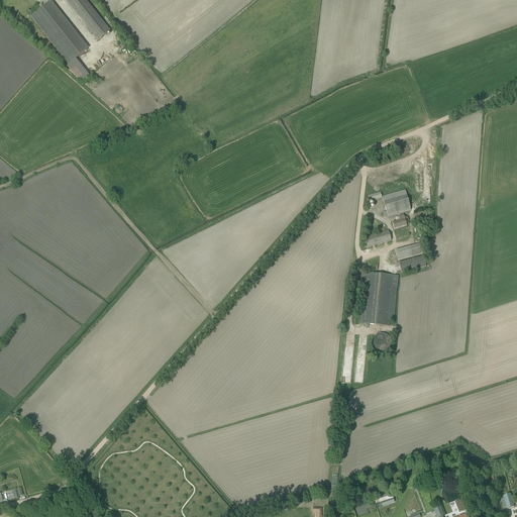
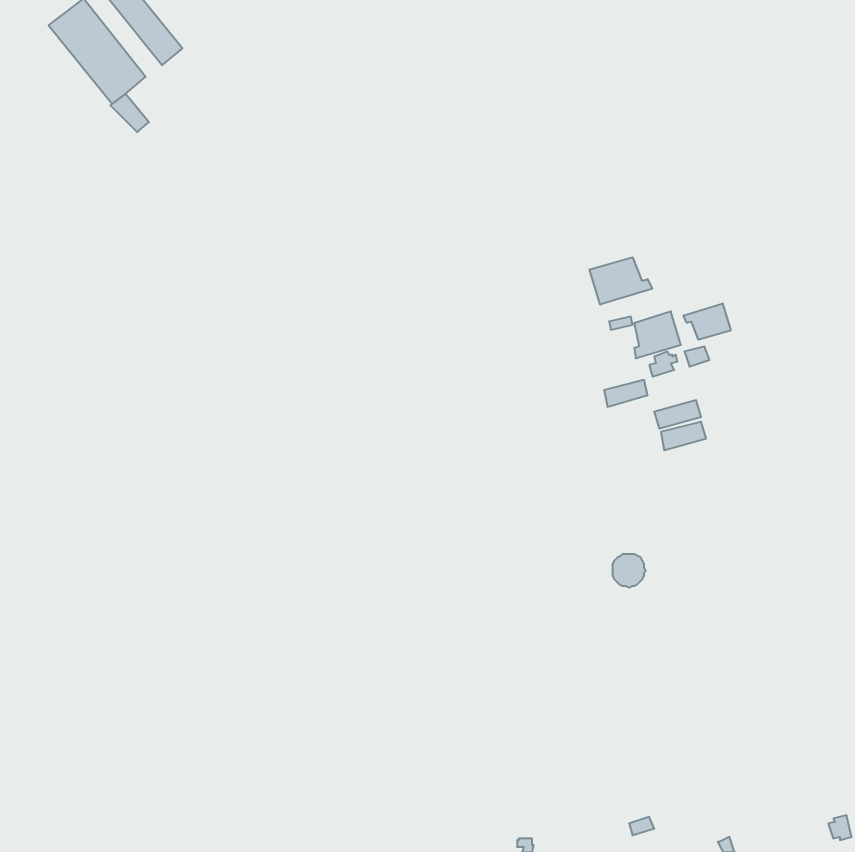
building: none -> [590,257,652,305]
building: none -> [684,303,731,340]
building: [359,270,398,324] -> none

